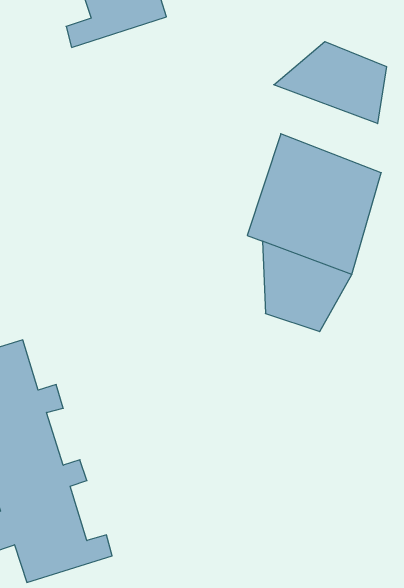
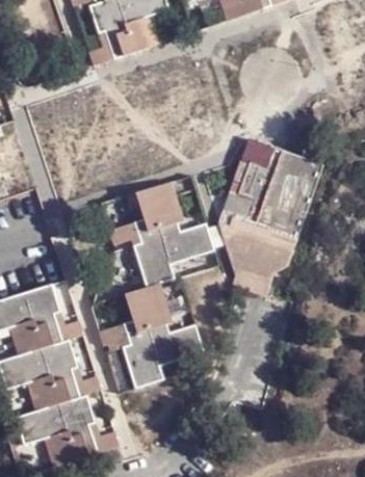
building: [274,42,387,124] -> none
building: none -> [97,183,211,388]

